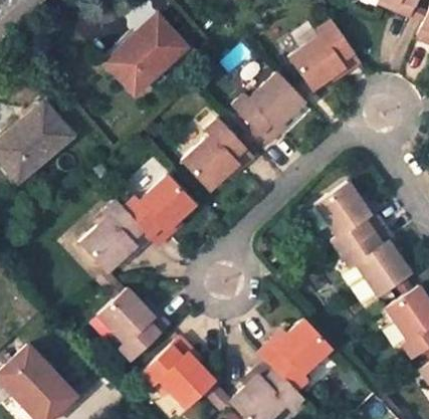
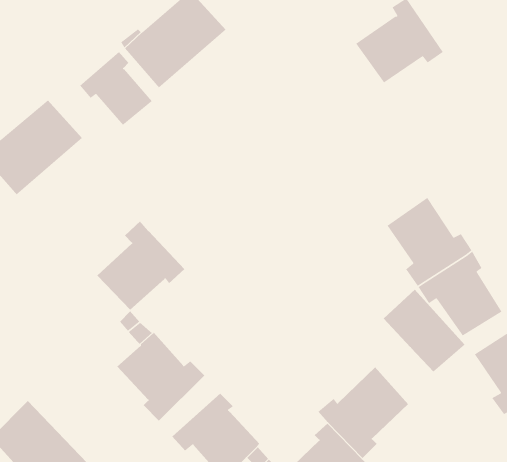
building: none -> [79,51,153,126]
building: [234,71,306,144] -> none
building: [183,119,254,191] -> none
building: [124,178,195,248] -> none
building: none -> [383,289,466,372]

